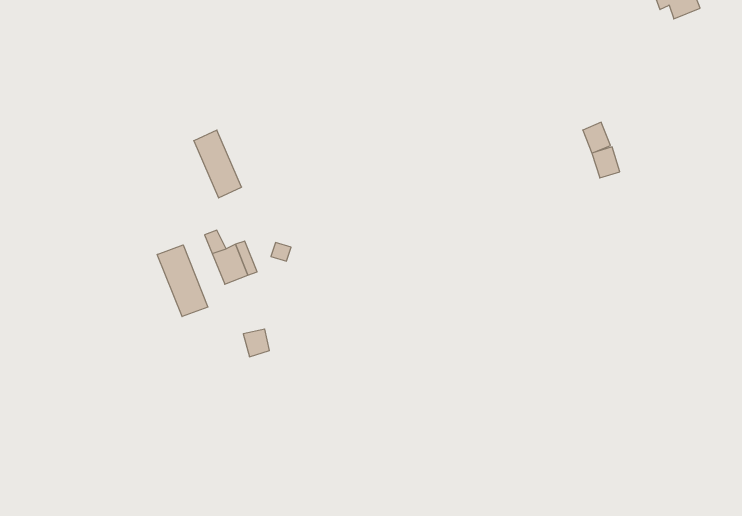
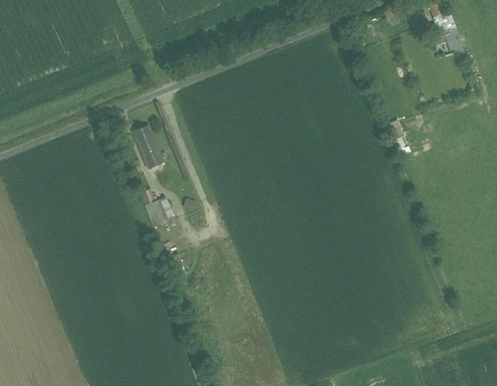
building: [157,245,208,317] -> none

